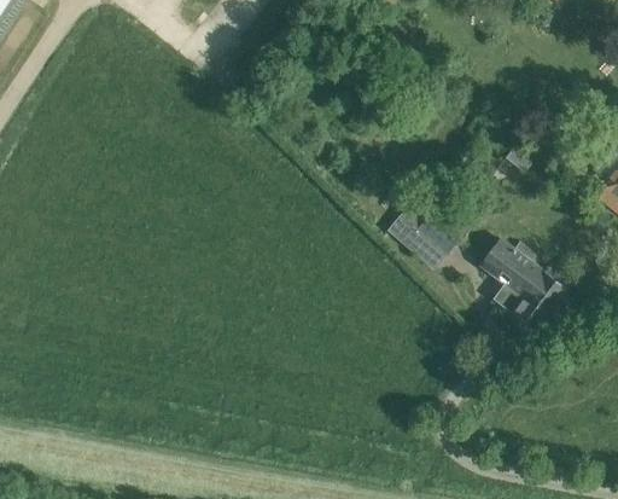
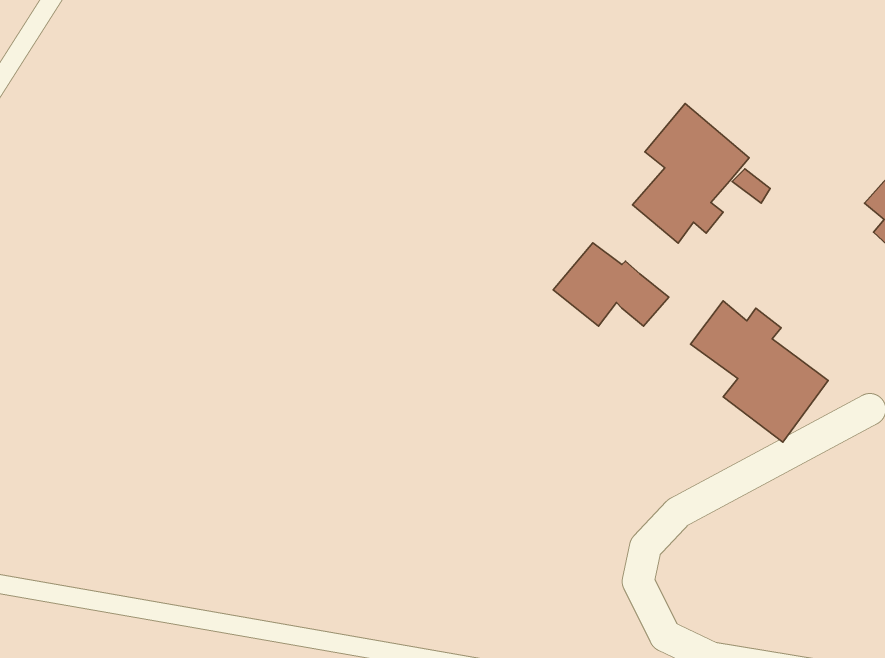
building: none -> [633,104,749,243]

